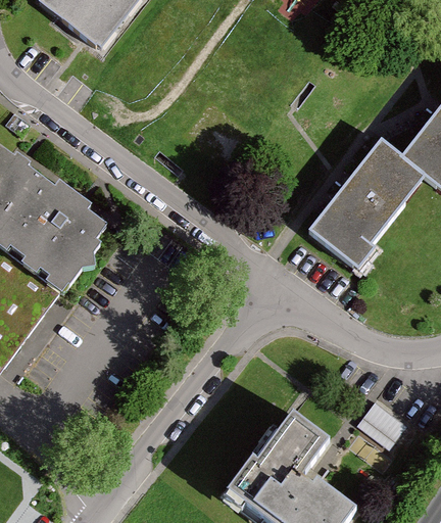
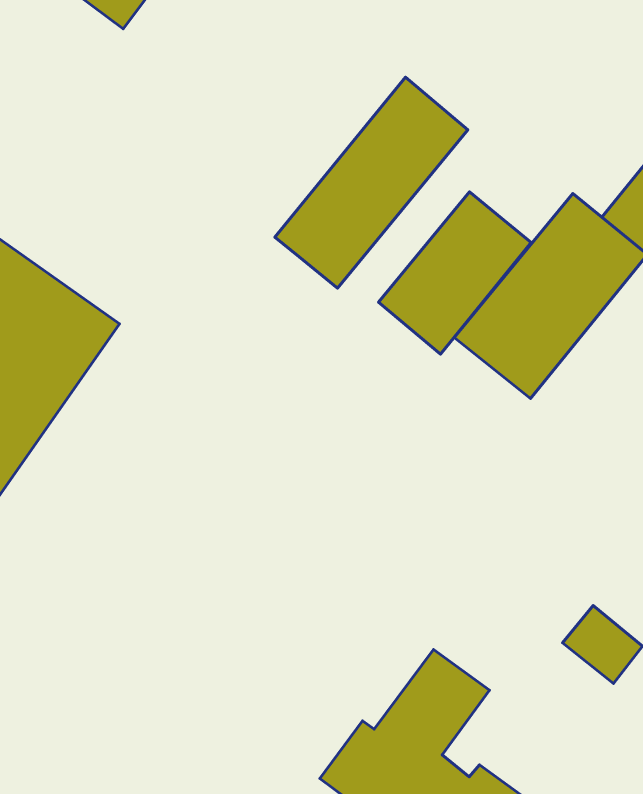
building: none -> [275,77,468,288]
building: none -> [378,192,531,354]

